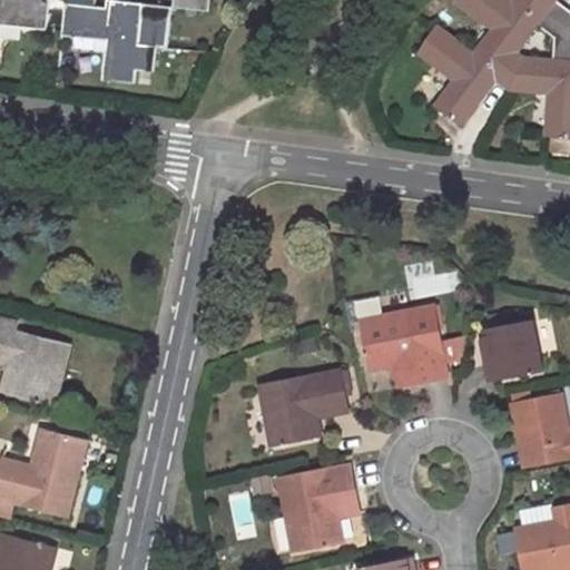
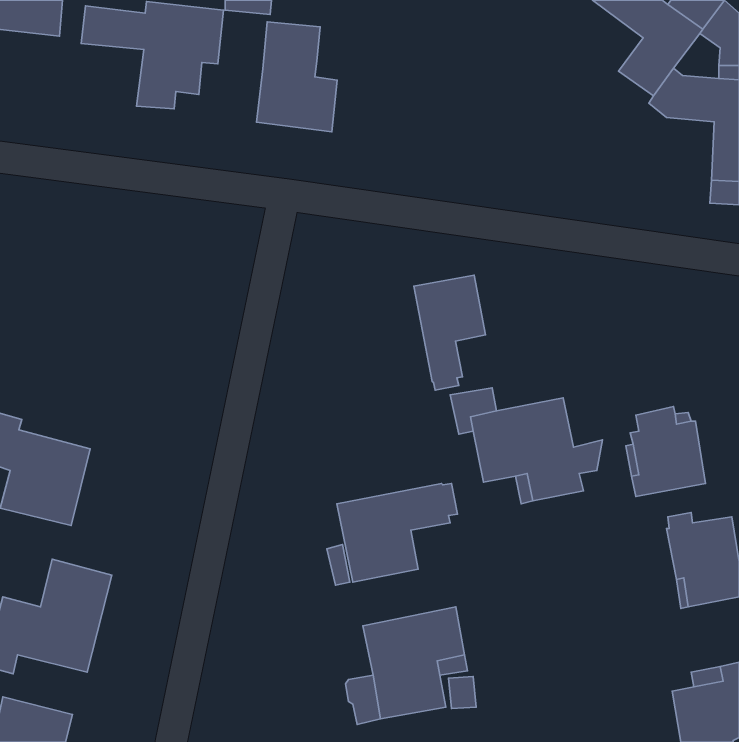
building: none -> [256,22,337,132]
building: [416,26,501,127] -> none
building: none -> [414,275,485,390]

